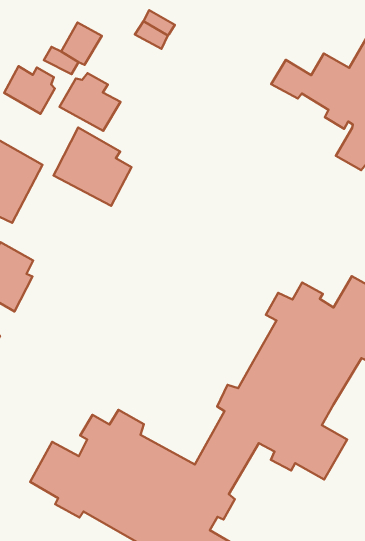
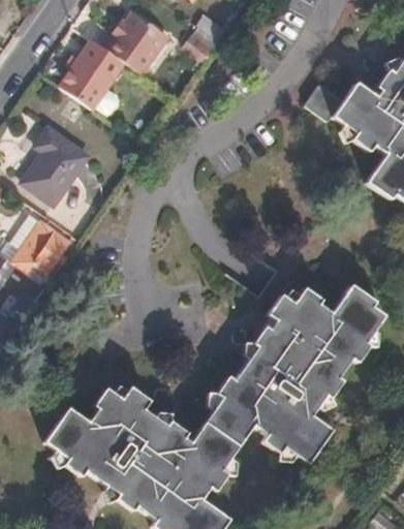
building: [60,73,121,131] -> none
building: [54,128,132,206] -> none

